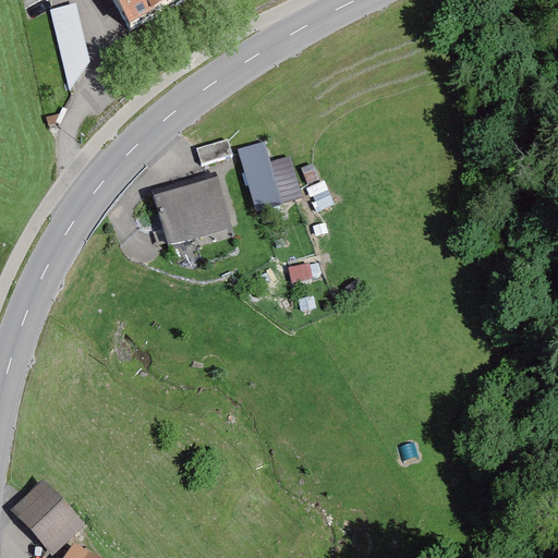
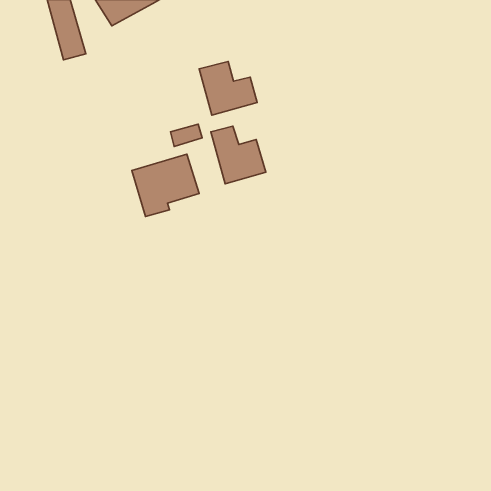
building: none -> [199,61,257,115]
building: [15,488,75,550] -> none

